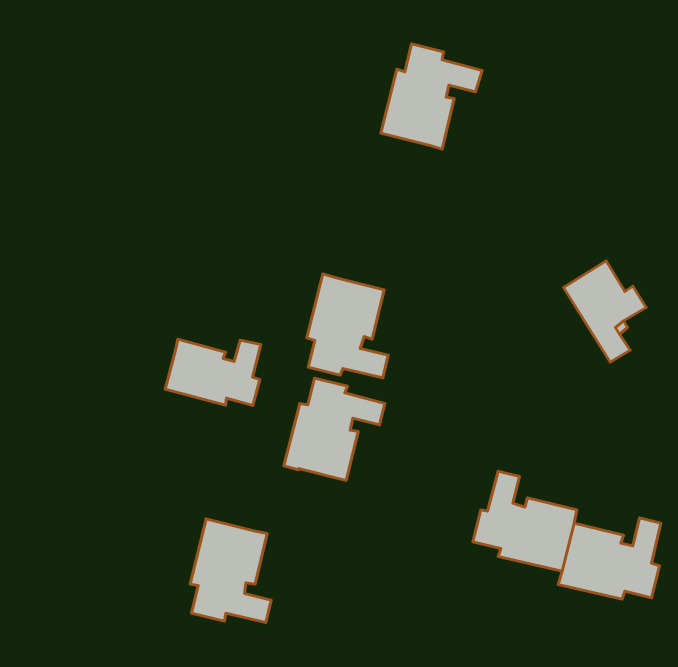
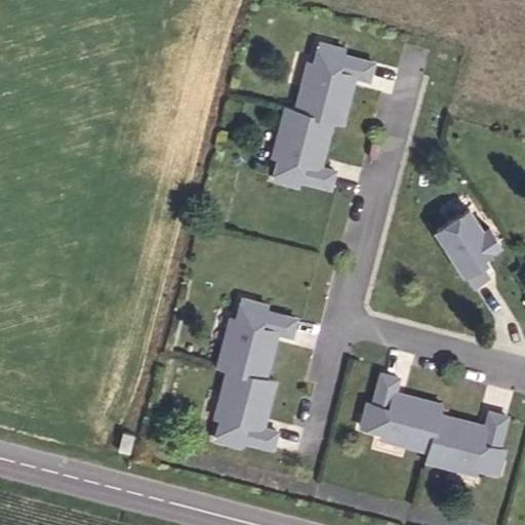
building: [307,274,388,378] -> [271,110,333,190]
building: [165,339,261,405] -> none
building: [190,519,271,623] -> [217,371,280,451]

